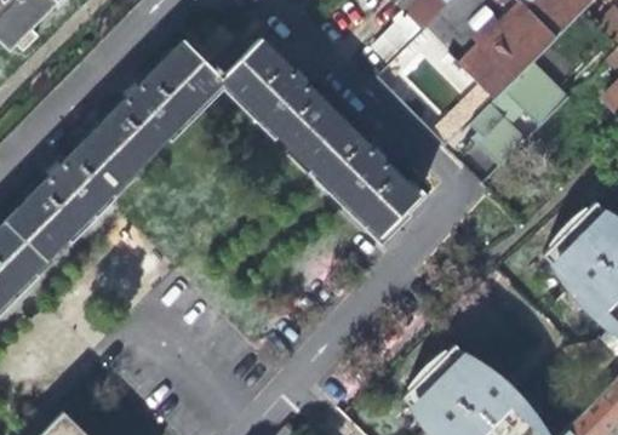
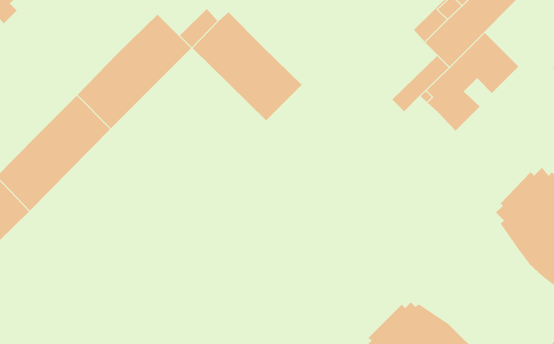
building: [301,119,418,235] -> none

